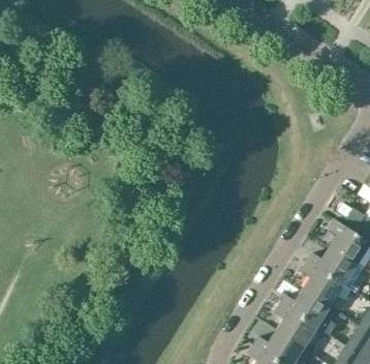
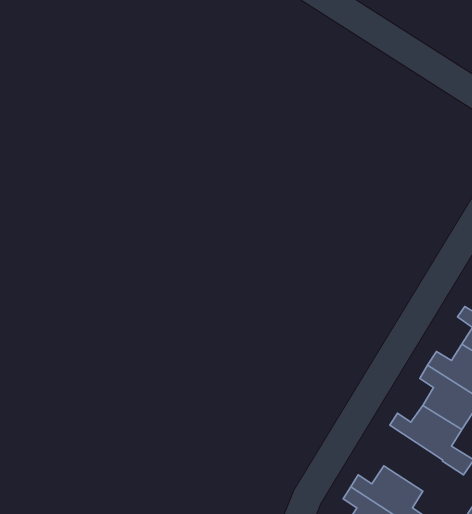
building: [274,302,316,347] -> none

